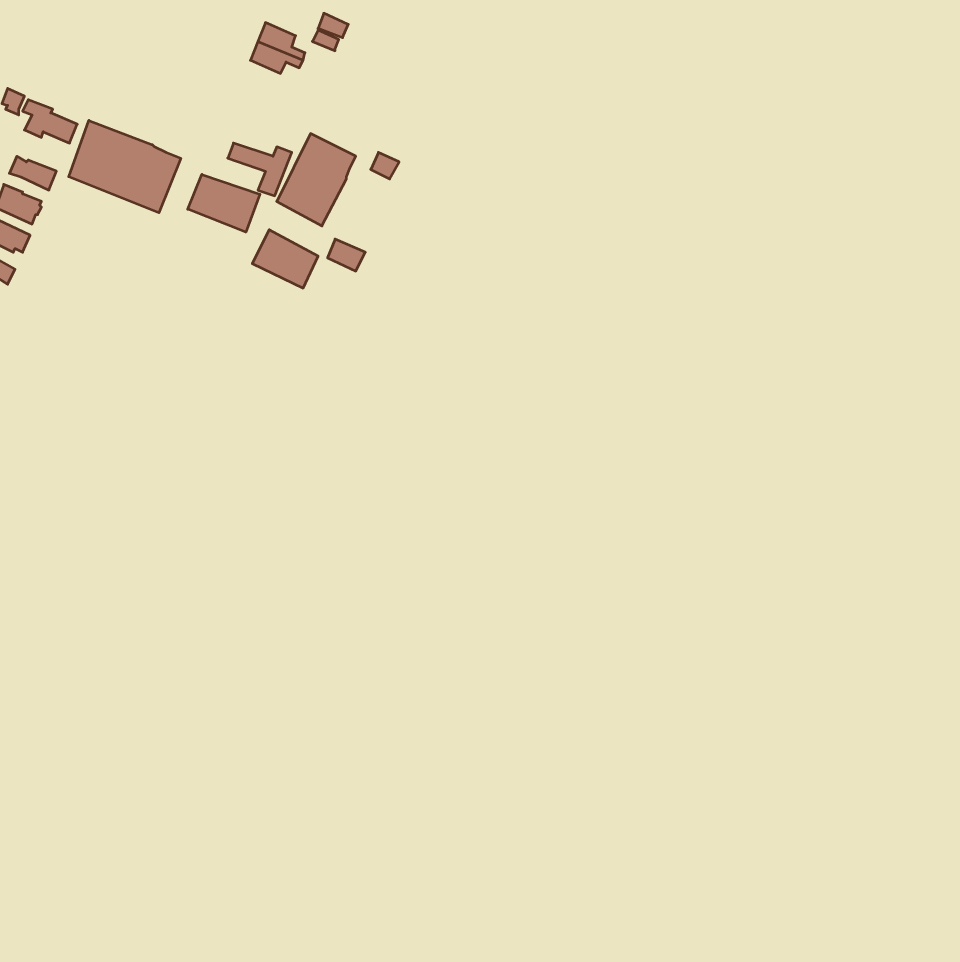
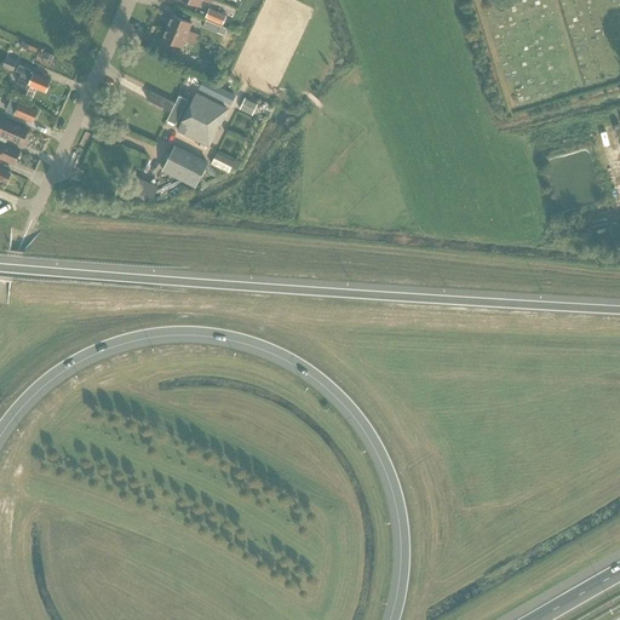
building: [69,120,181,213] -> none
building: [188,174,260,232] -> none

